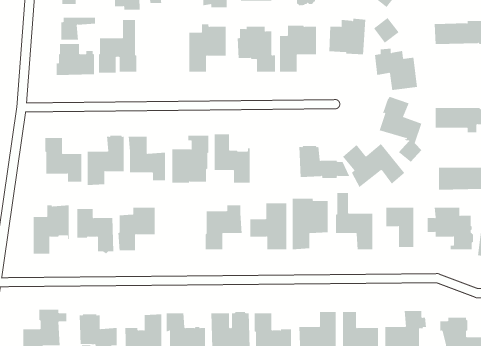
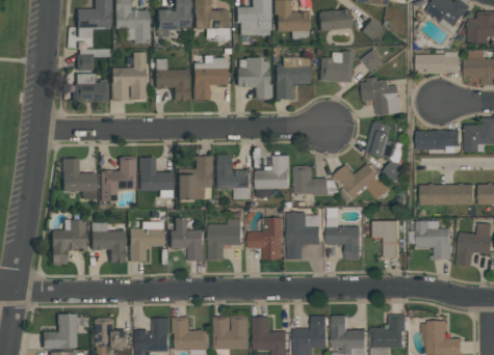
building: none -> [154,58,188,100]
building: none -> [255,156,289,197]
building: none -> [168,217,204,261]

